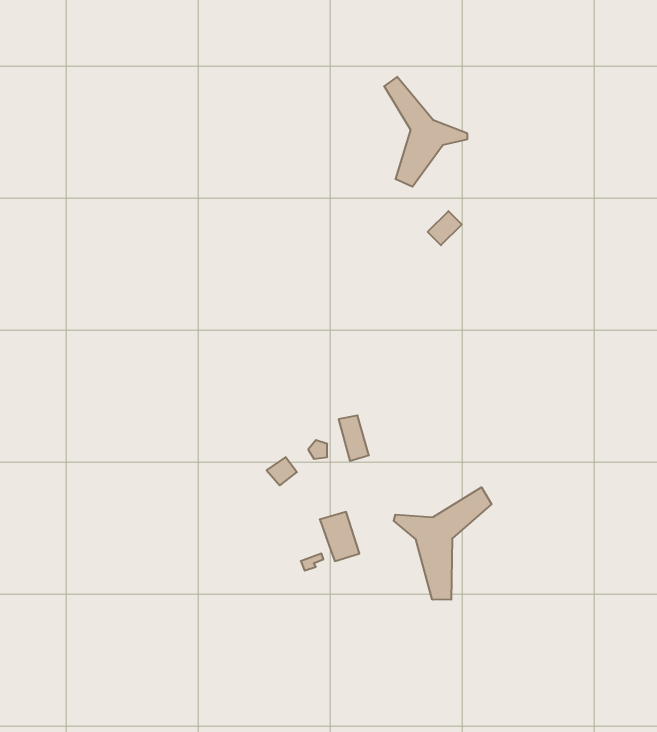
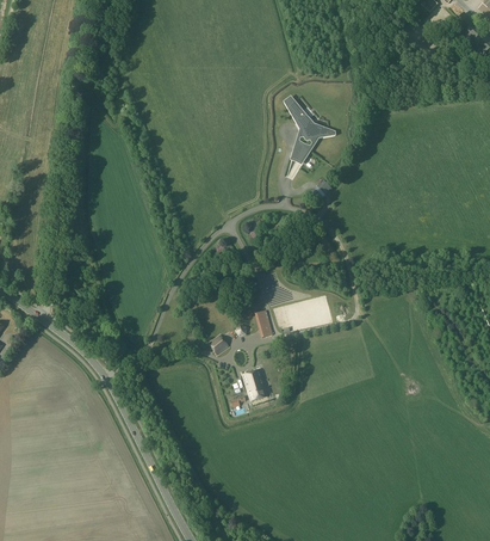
building: [394,487,492,600] -> none

